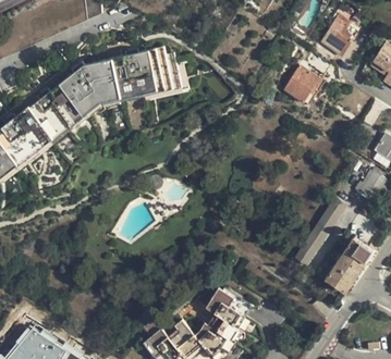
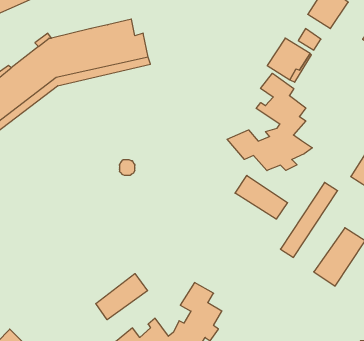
building: none -> [227,73,312,171]
building: none -> [235,175,288,219]
building: none -> [96,274,148,320]

